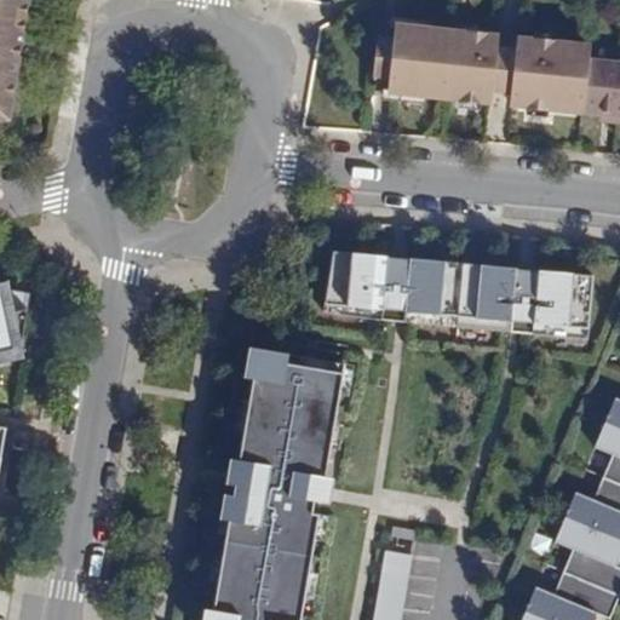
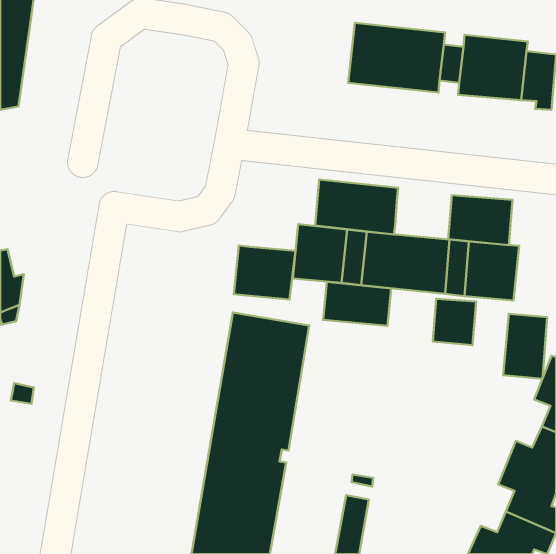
building: none -> [315,180,398,234]
building: none -> [448,195,513,245]
building: none -> [234,246,295,299]
building: none -> [323,282,391,326]
building: none -> [433,299,476,345]
building: none -> [503,314,547,379]

